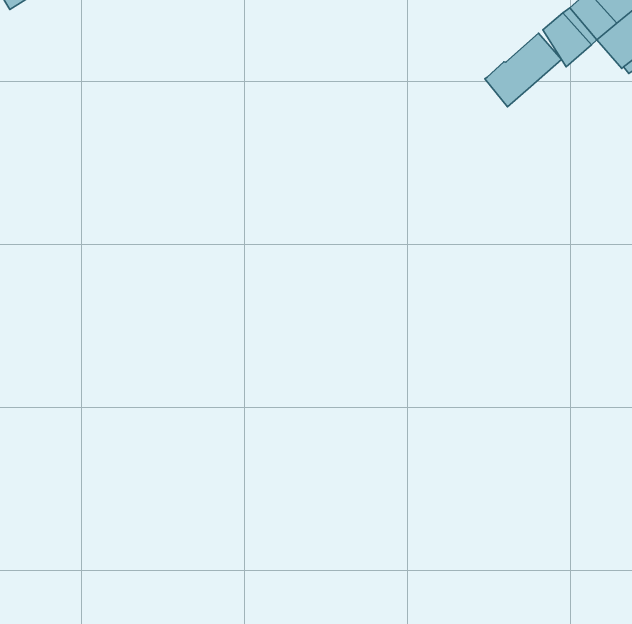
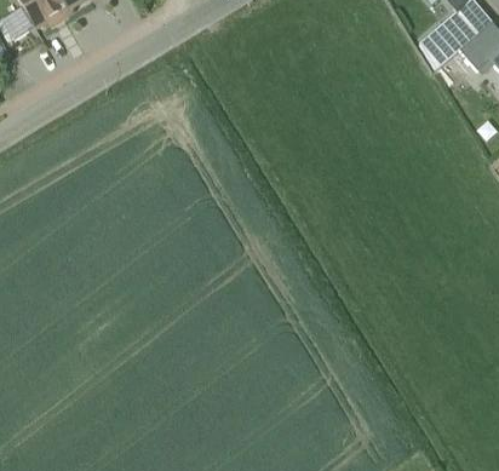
building: [485,33,562,107] -> none

